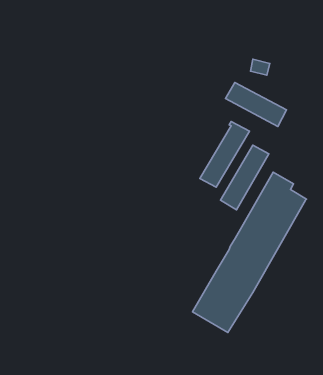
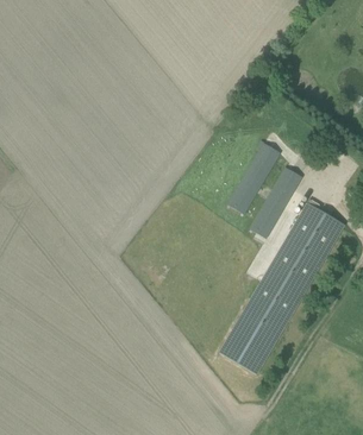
building: [226,82,287,127] -> none

